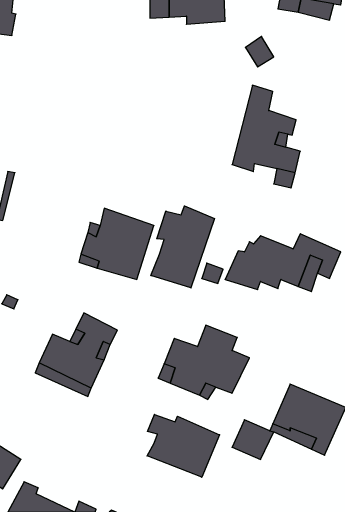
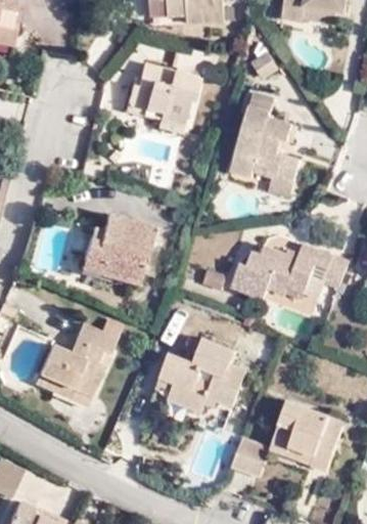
building: none -> [124,55,207,136]
building: [151,206,215,288] -> none
building: [147,414,220,477] -> none

